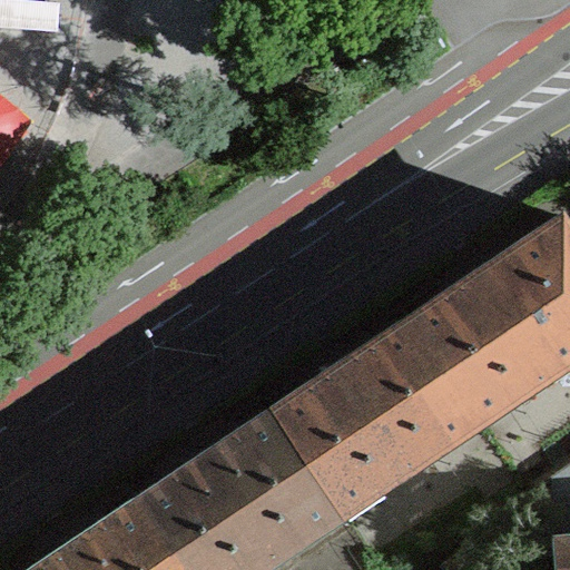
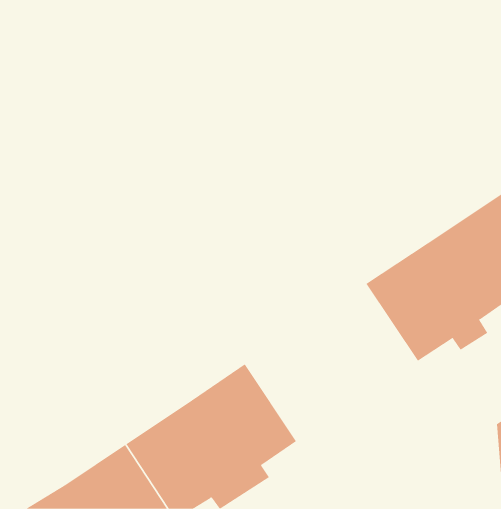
building: [283,317,475,493] -> none

